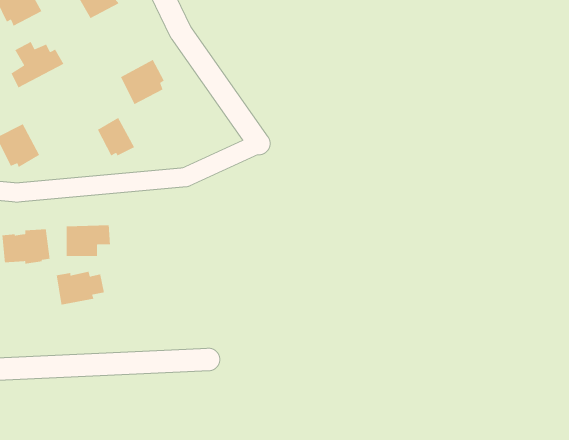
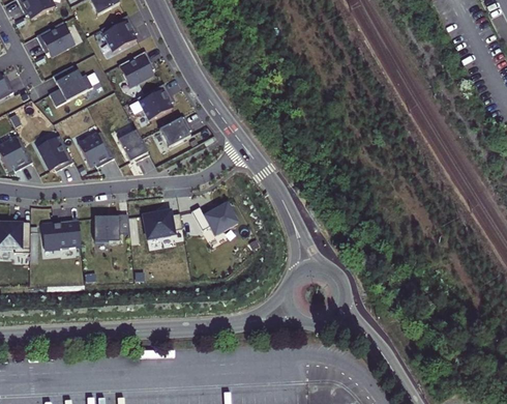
building: none -> [118,51,154,87]
building: none -> [158,116,190,146]
building: none -> [78,132,114,168]
building: none -> [191,203,237,235]
building: [56,271,105,306] -> [143,211,182,239]

